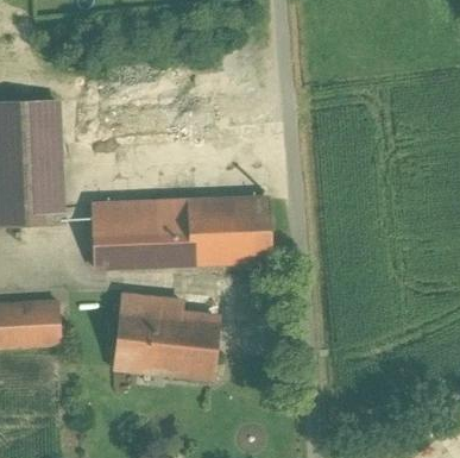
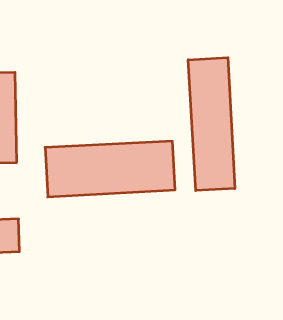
building: none -> [188,58,235,191]
building: [115,303,229,378] -> none

